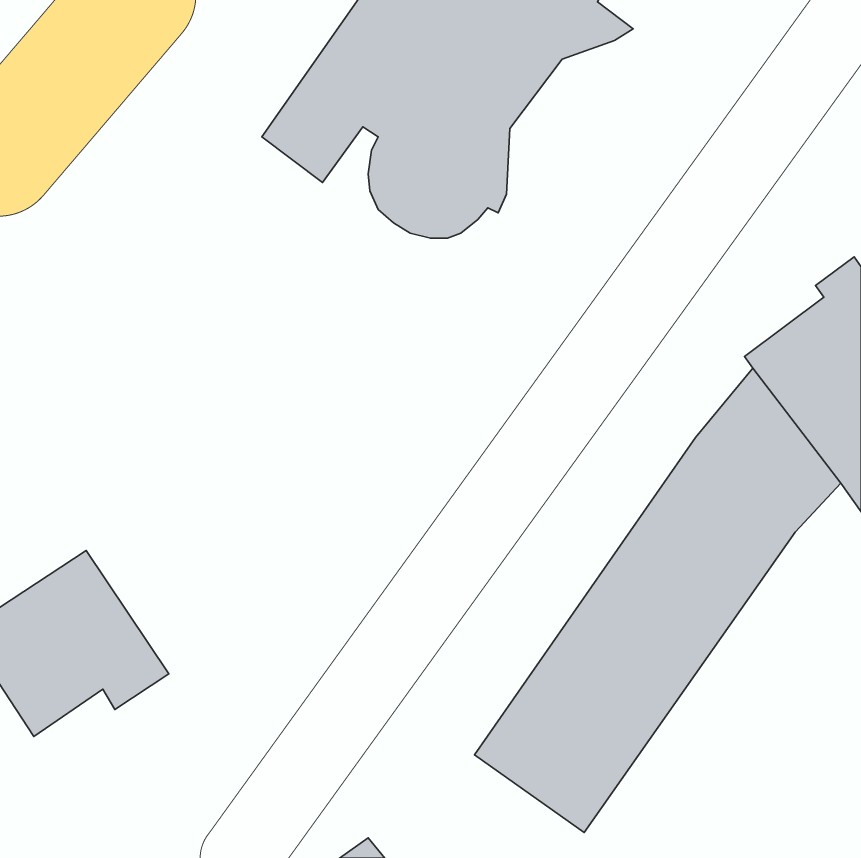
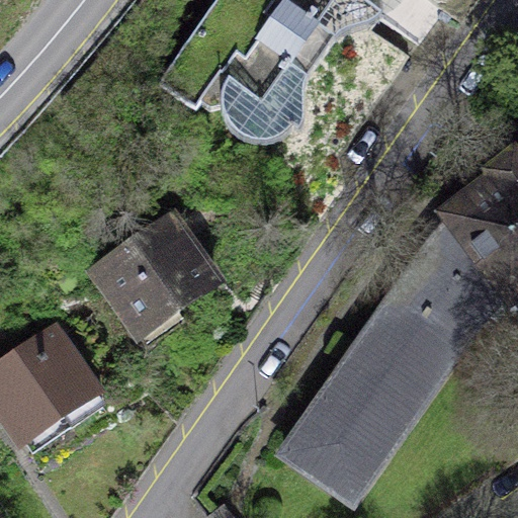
building: none -> [94,219,213,334]

